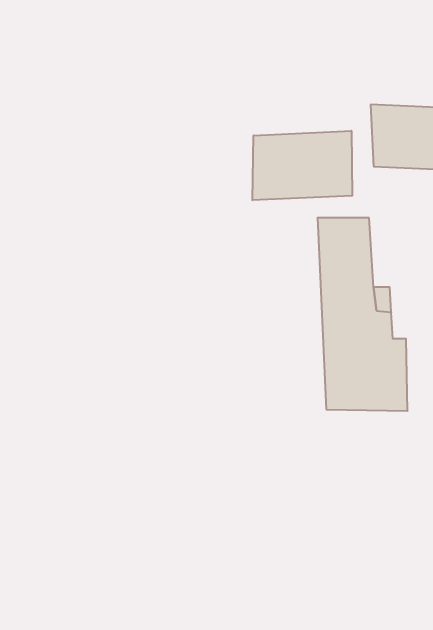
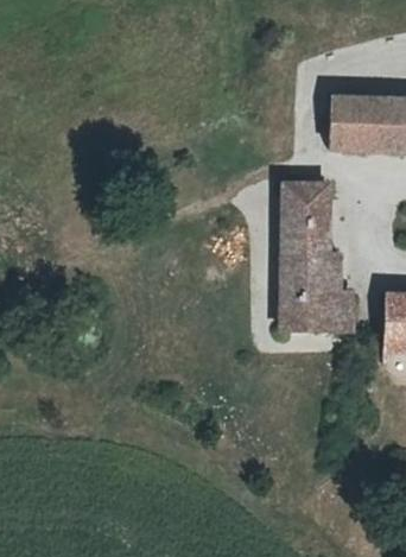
building: [252,131,352,200] -> none

